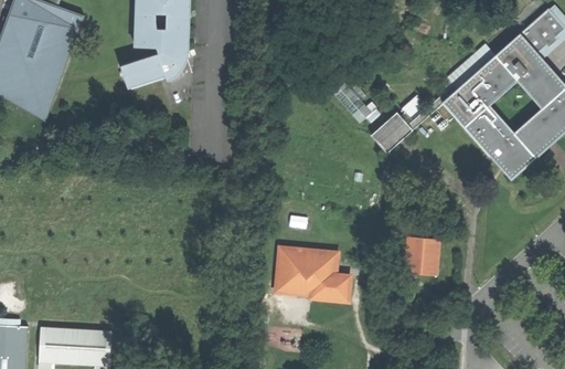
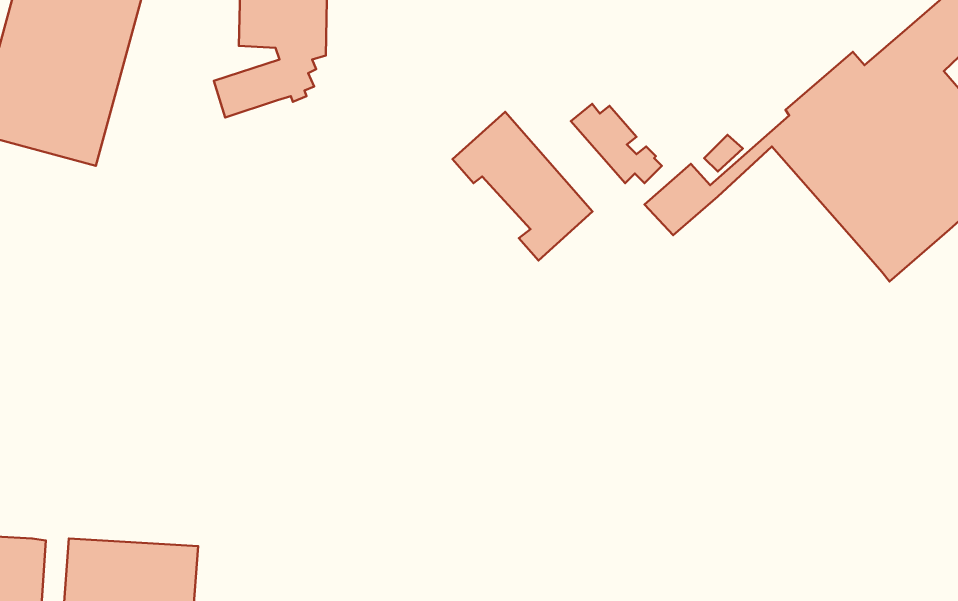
building: none -> [453,112,592,260]
building: [405,239,438,274] -> none
building: [274,250,348,305] -> none

